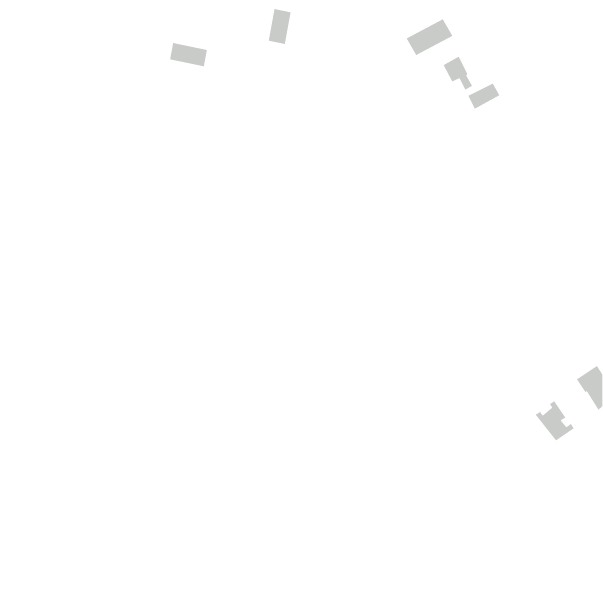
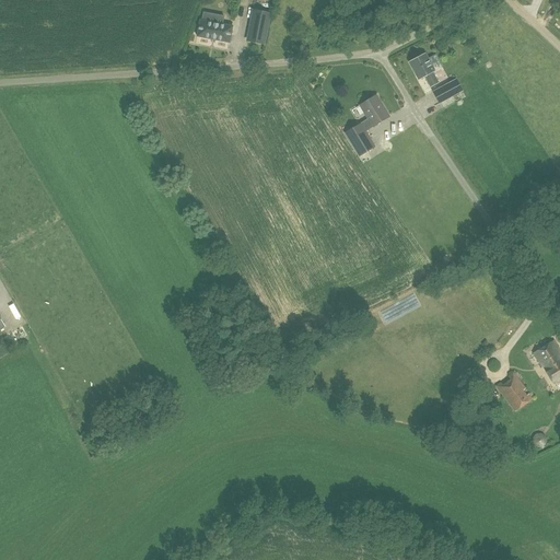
building: [406,18,453,56] -> none
building: [169,42,208,67] -> [197,18,233,40]
building: none -> [346,93,389,154]

